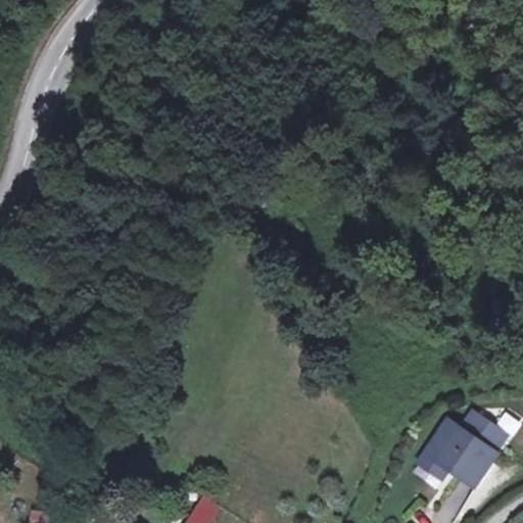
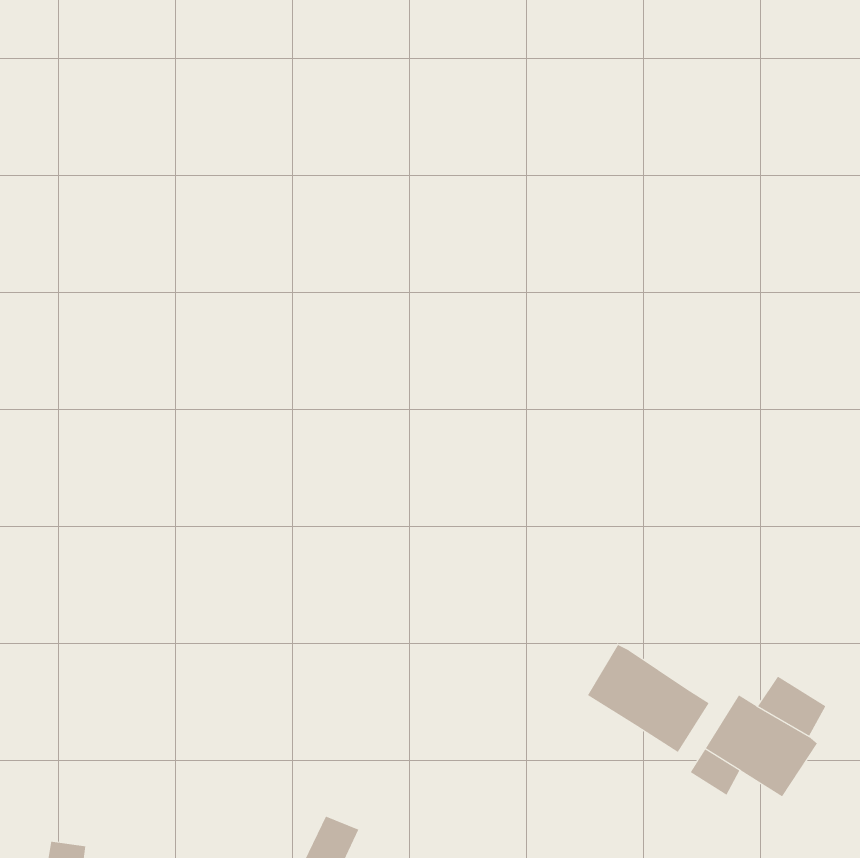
building: none -> [587,644,710,753]

